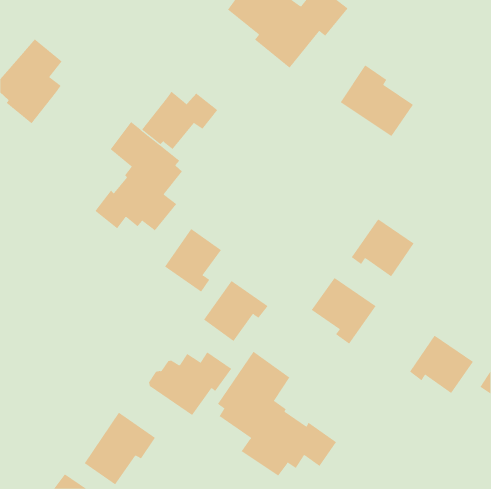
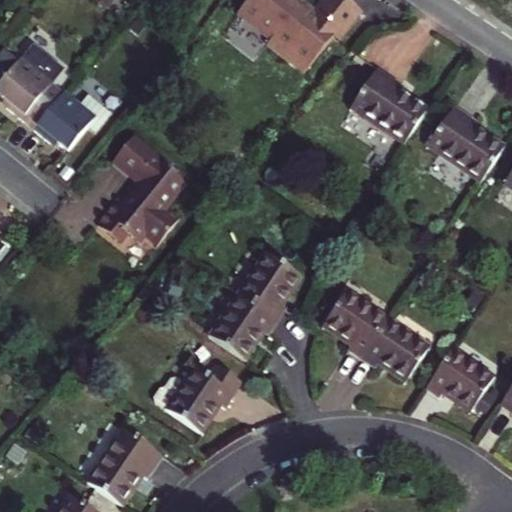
building: [141,91,218,150] -> [33,89,113,150]
building: none -> [430,108,505,182]
building: [351,219,414,277] -> [363,318,429,379]
building: [164,228,222,292] -> [240,251,300,318]
building: [217,351,337,477] -> none

